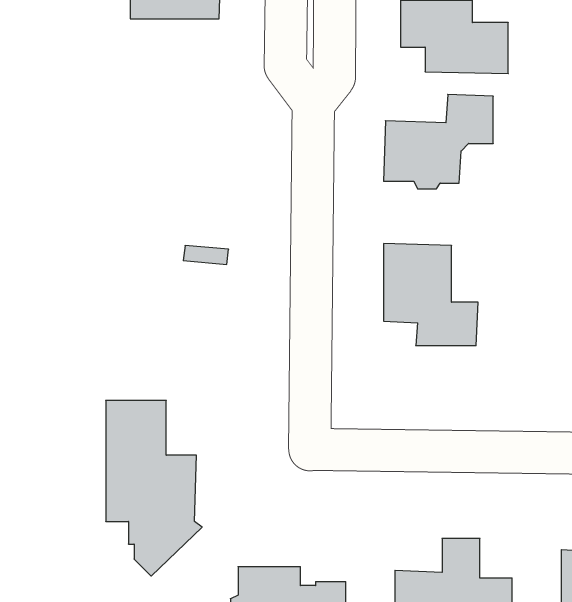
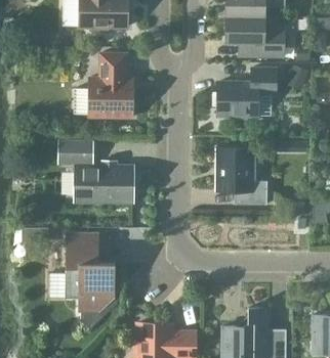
building: none -> [88,53,133,117]
building: none -> [60,143,91,162]
building: none -> [81,168,132,202]

